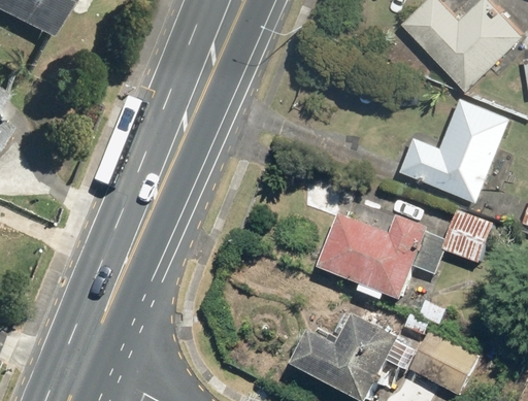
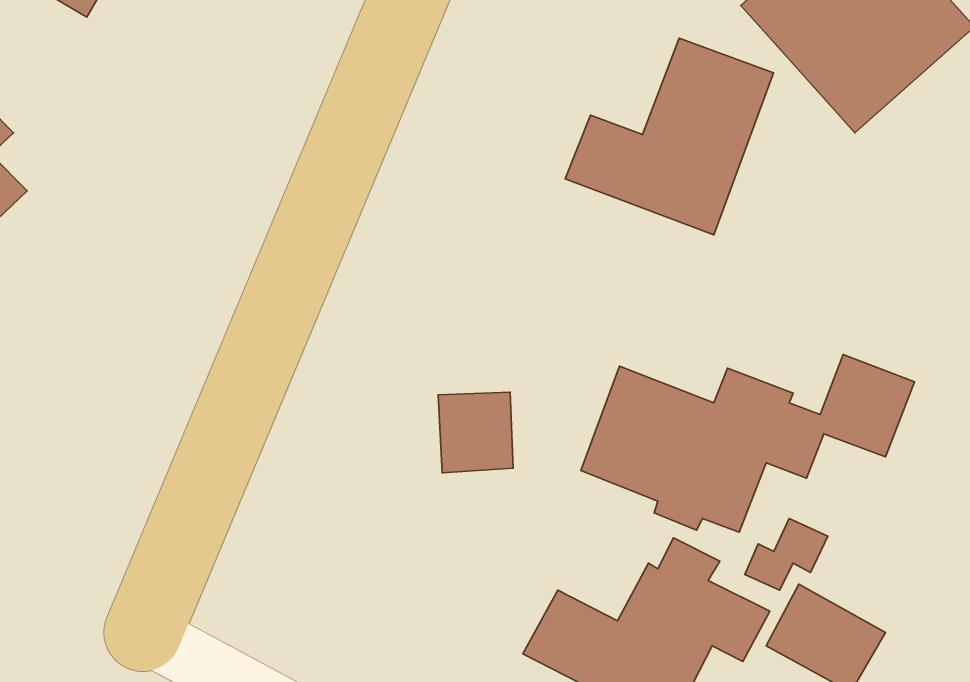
building: [397,97,508,202] -> [565,38,774,235]
building: none -> [438,392,513,473]

